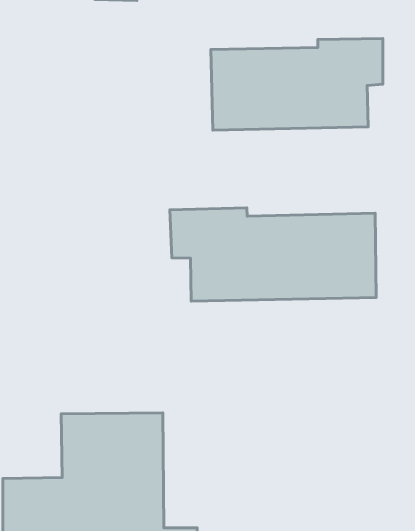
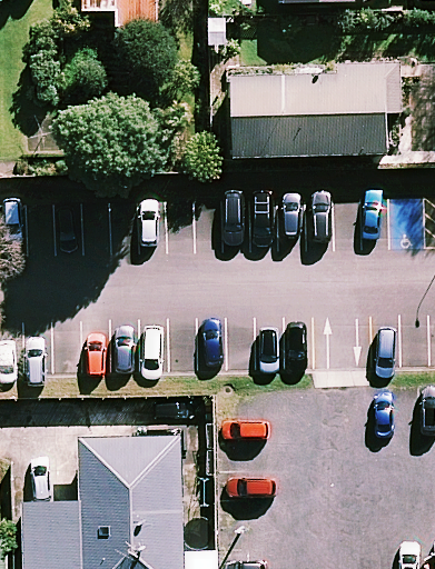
building: [170,208,376,301] -> none

